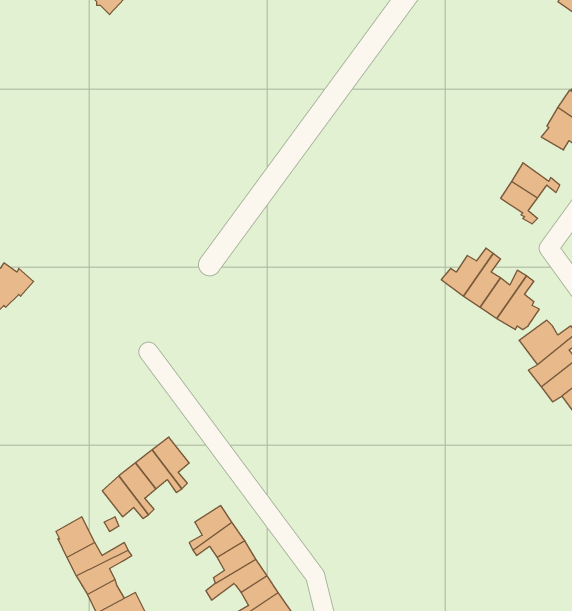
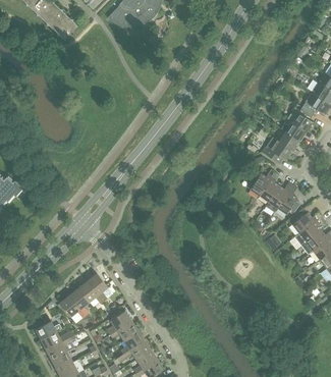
building: none -> [287,107,314,132]
building: none -> [262,138,291,164]

